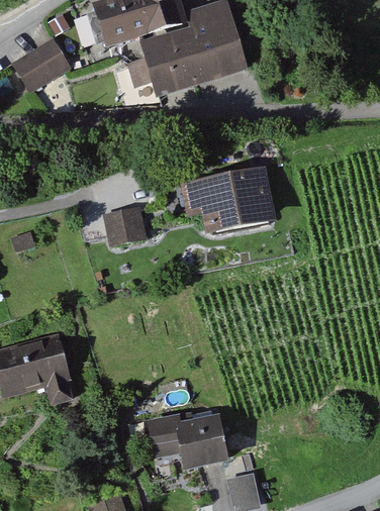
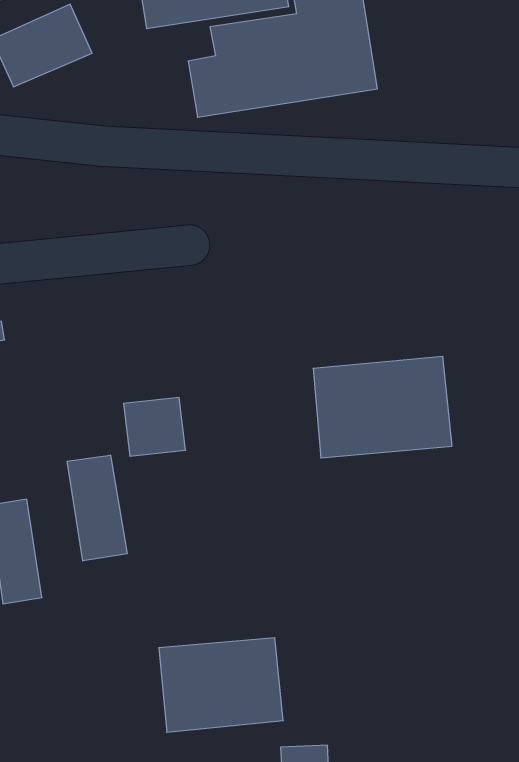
building: [184,171,273,239] -> [313,357,452,458]
building: [104,210,145,248] -> [123,398,186,456]
building: none -> [67,455,127,561]

